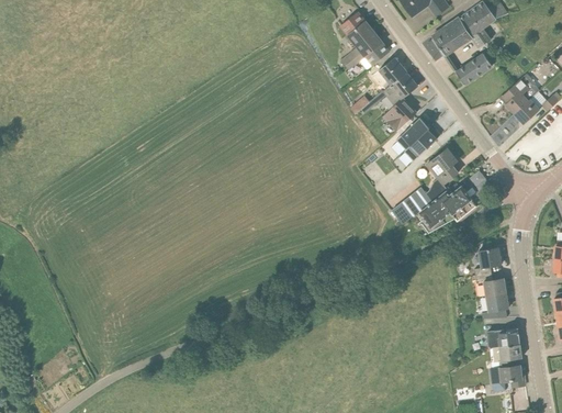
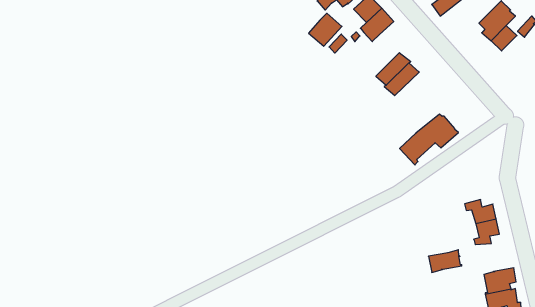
building: [382,98,416,131] -> [309,13,342,46]
building: [426,147,459,185] -> none
building: [392,187,431,223] -> none
building: [474,246,502,275] -> none
building: [487,326,520,347] -> [428,250,462,272]

